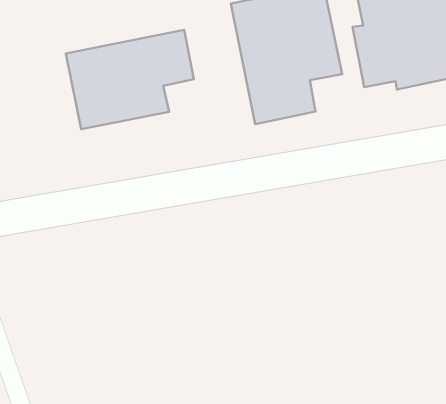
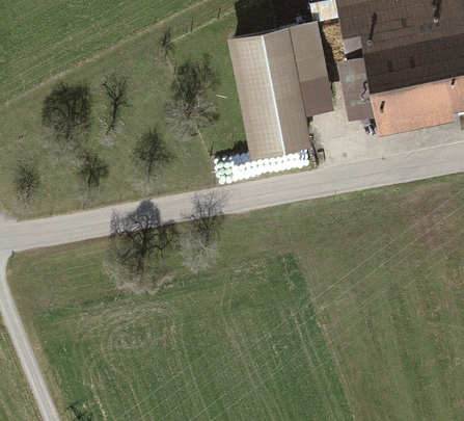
building: [66,30,194,129] -> none

